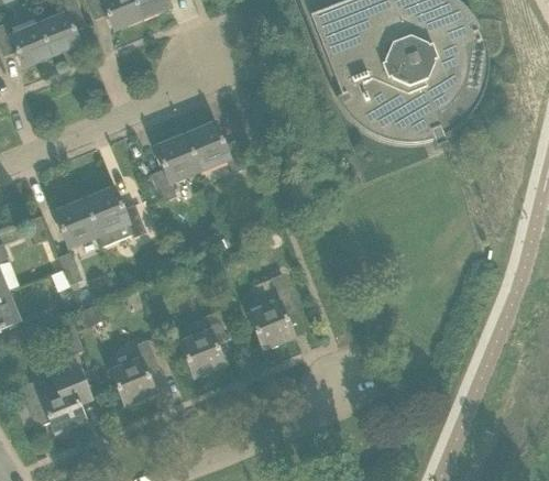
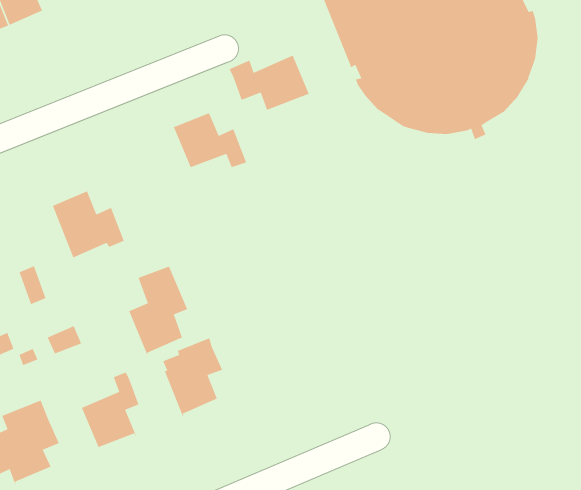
building: none -> [229,55,310,112]
building: [152,136,200,200] -> none
building: [55,201,103,249] -> none
building: [248,273,297,348] -> [128,265,188,356]

